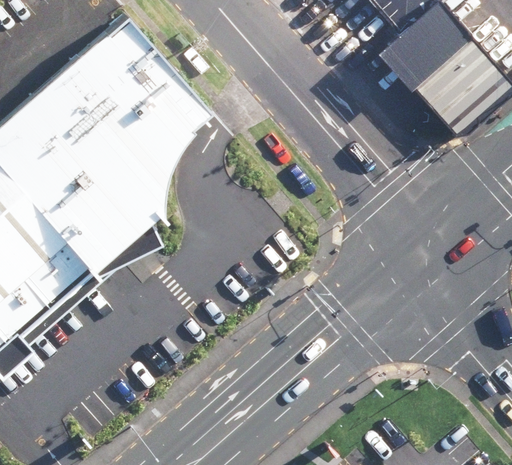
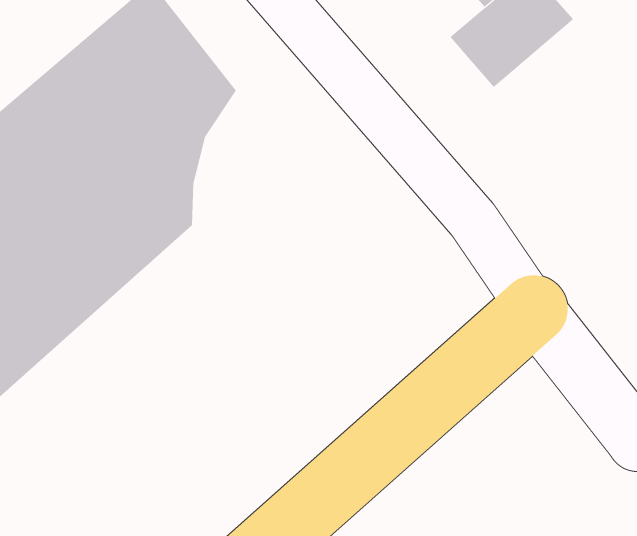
building: [407,40,506,138] -> none

